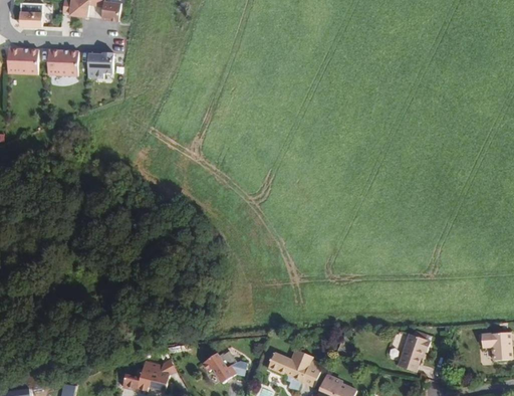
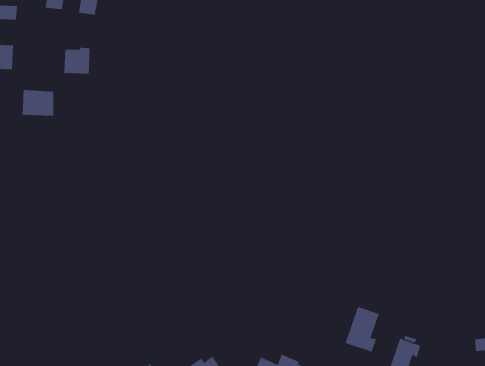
building: [44,48,75,74] -> [22,89,54,116]
building: none -> [345,306,380,353]

